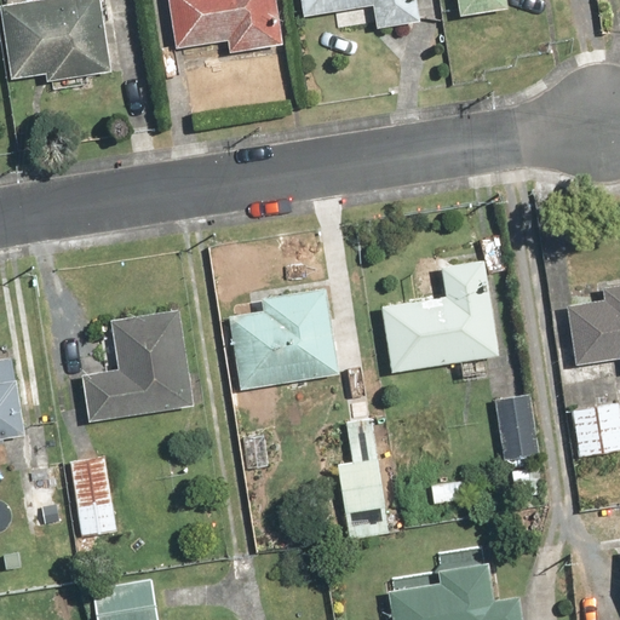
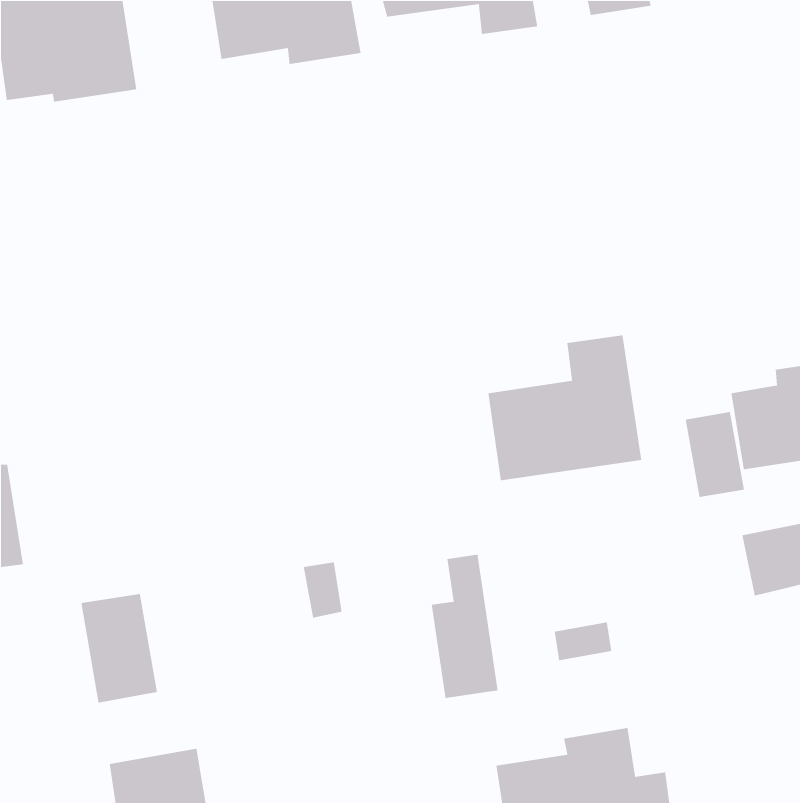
building: [226,286,339,390] -> none
building: [82,309,193,420] -> none
building: [496,400,542,466] -> [685,411,745,498]

